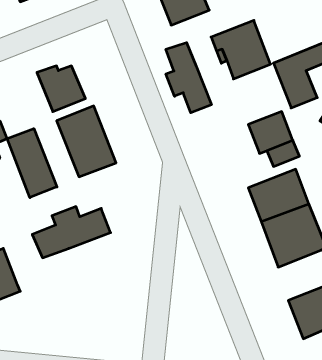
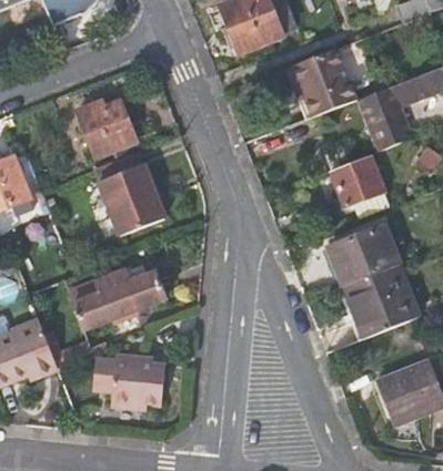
building: [166,43,211,113] -> none
building: [7,129,57,198] -> none
building: none -> [92,354,163,408]

